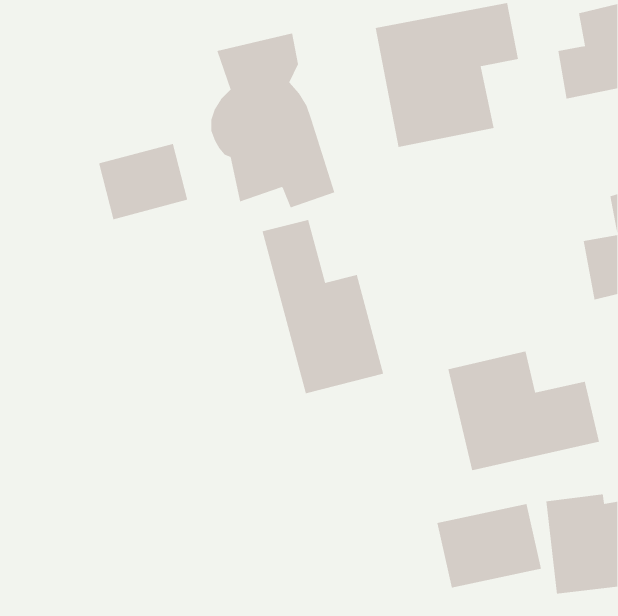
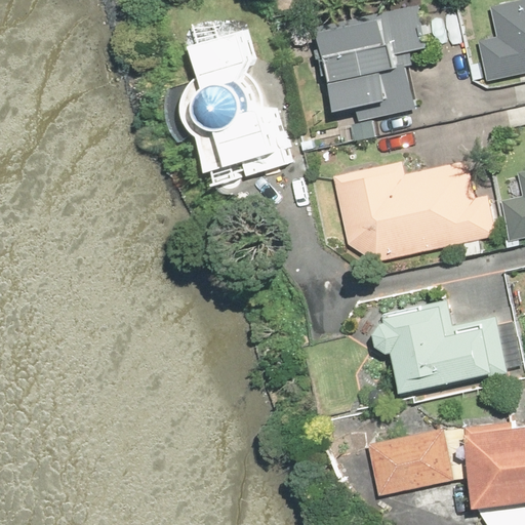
building: [99,143,188,220] -> none
building: none -> [331,158,498,260]
building: [262,219,384,394] -> none

